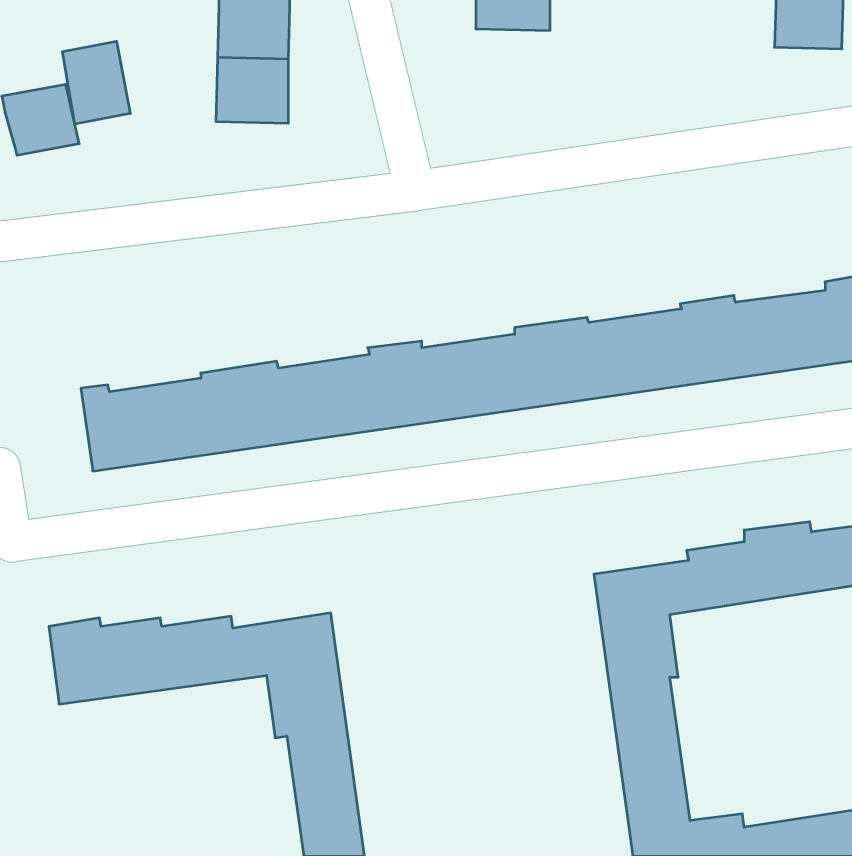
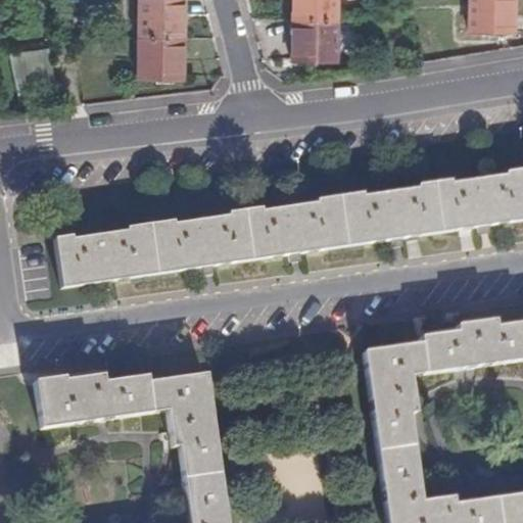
building: none -> [294,17,339,60]
building: [62,41,130,124] -> none

